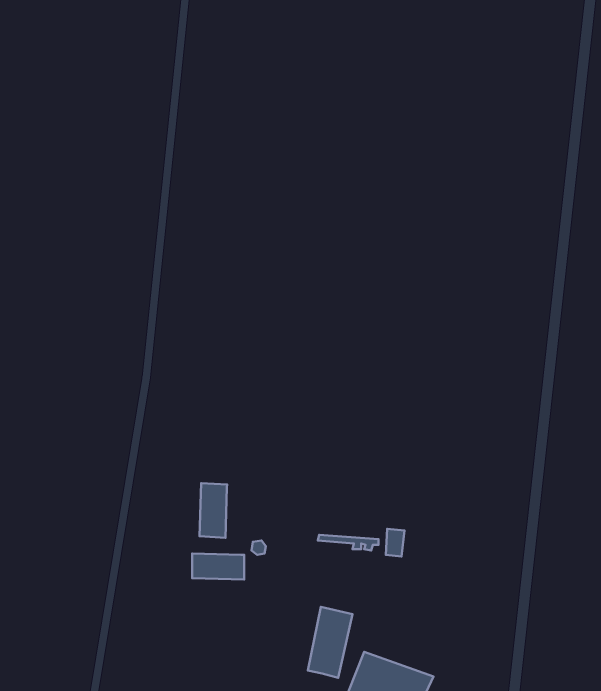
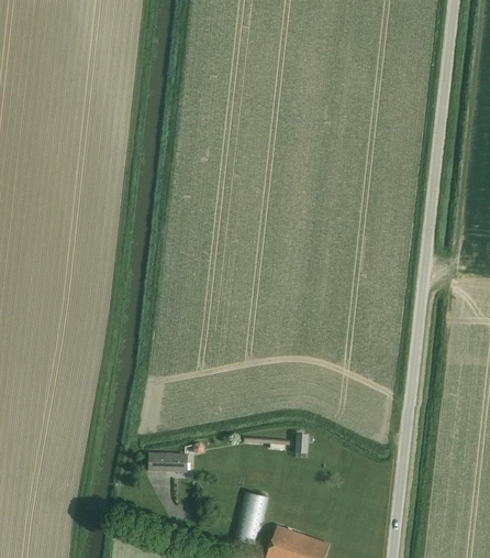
building: [200,483,227,538] -> none

